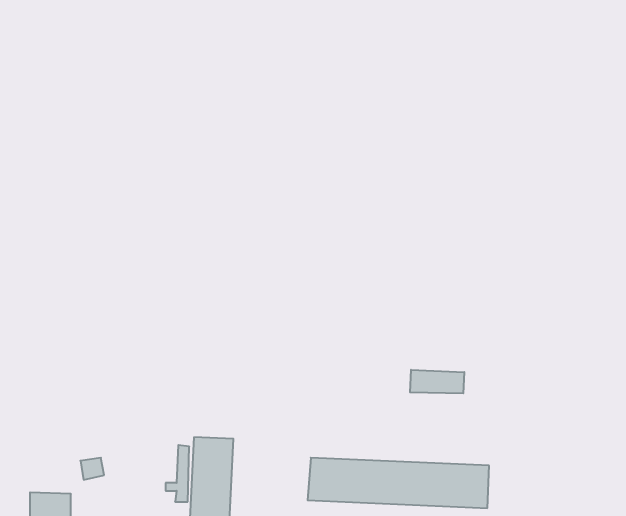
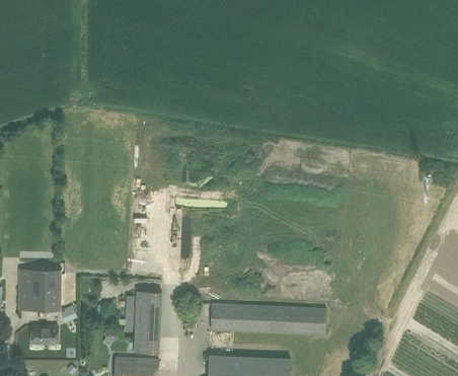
building: [410,370,464,393] -> none
building: none -> [18,269,61,310]

